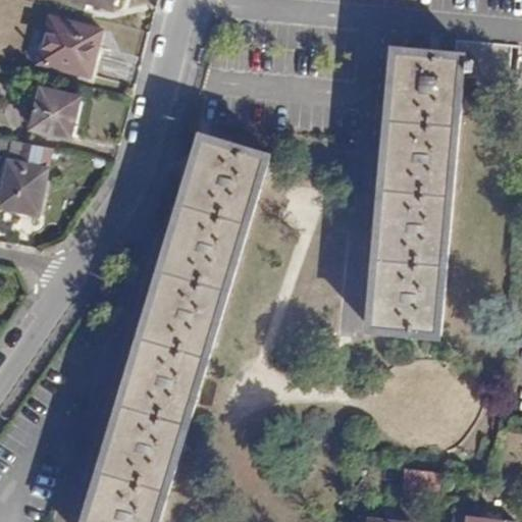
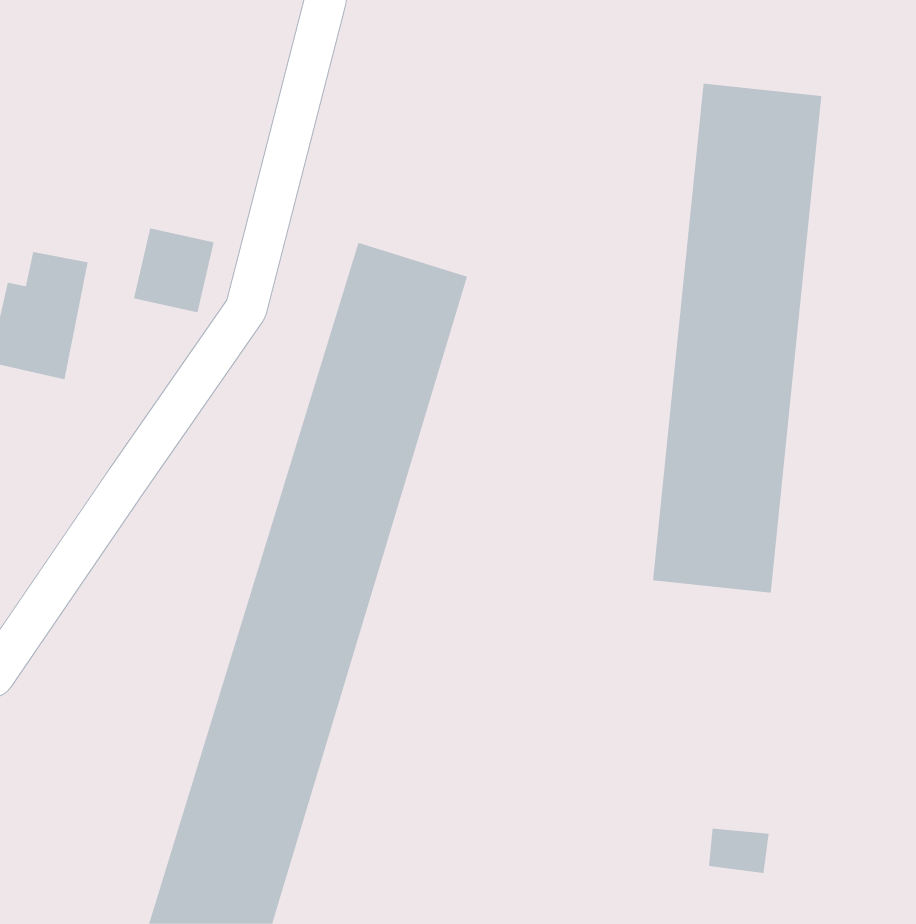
building: [38,17,101,73] -> none
building: [33,88,79,136] -> [133,228,214,313]

